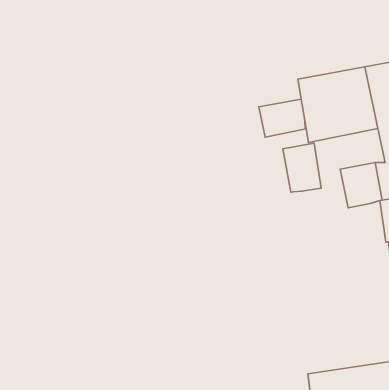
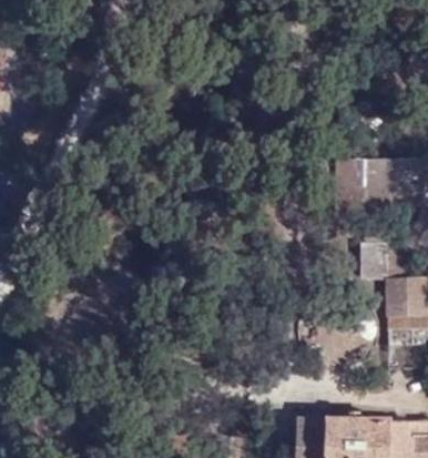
building: [259,99,306,137] -> none
building: [283,143,321,192] -> none

